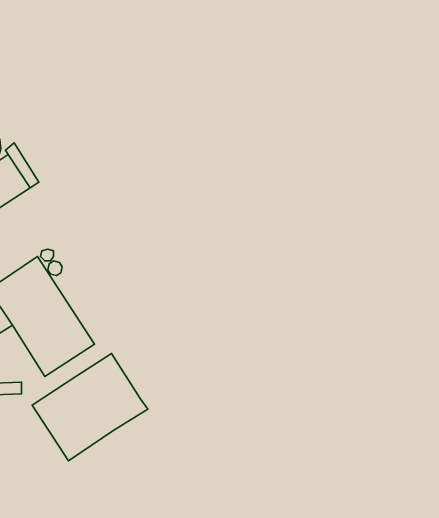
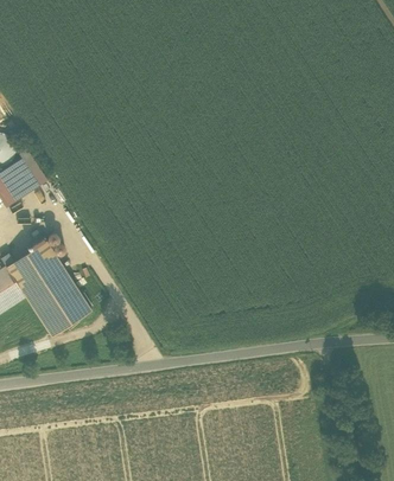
building: [32,354,148,461] -> none

